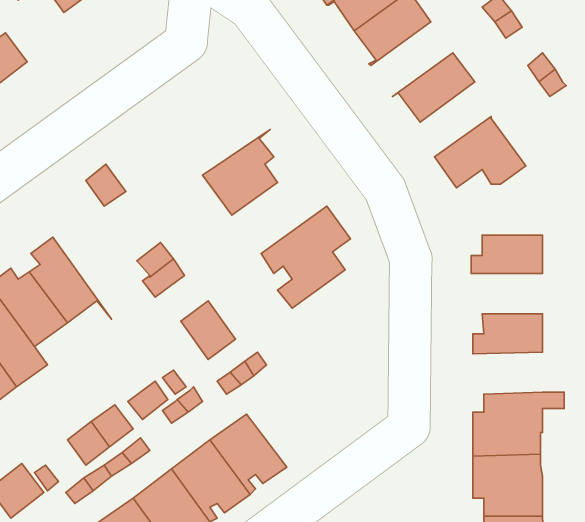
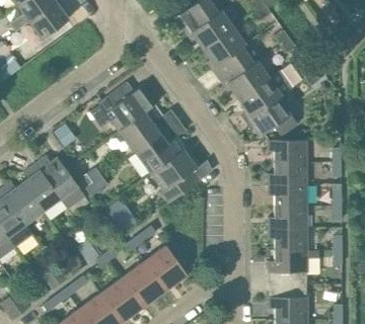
building: none -> [212,45,258,86]
building: none -> [239,71,293,119]
building: none -> [98,82,156,130]
building: none -> [135,134,188,173]
building: none -> [268,141,307,163]
building: none -> [35,156,85,210]
building: none -> [268,184,307,207]
building: none -> [269,228,307,251]
building: none -> [143,245,188,292]

